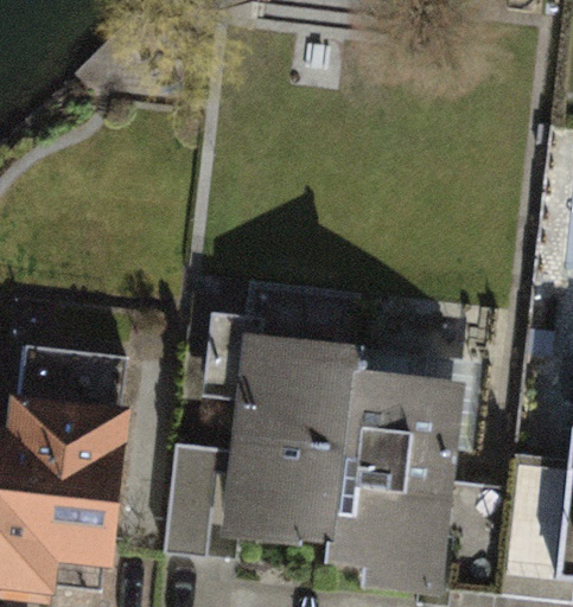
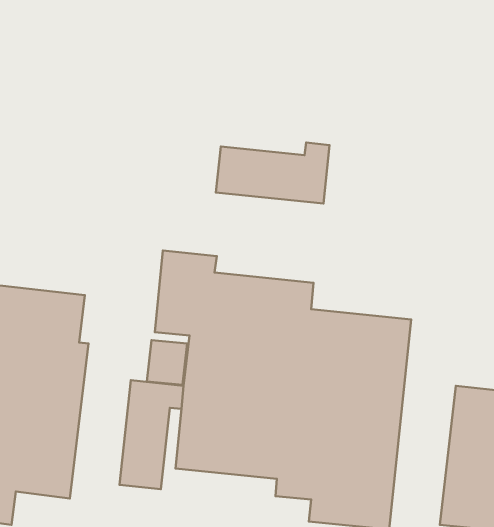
building: none -> [216,142,330,204]

